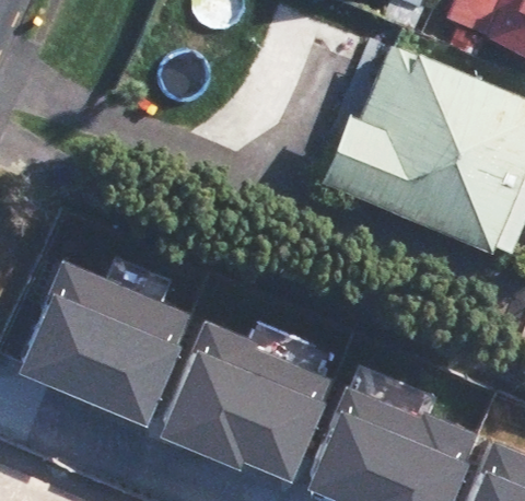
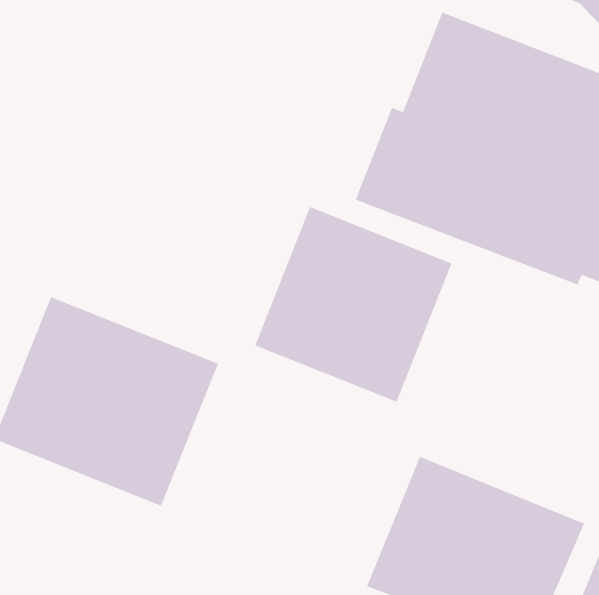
building: none -> [254,206,452,403]
building: [166,319,343,480] -> none

